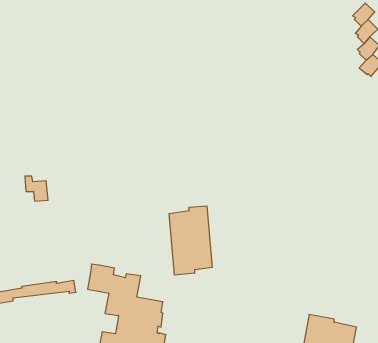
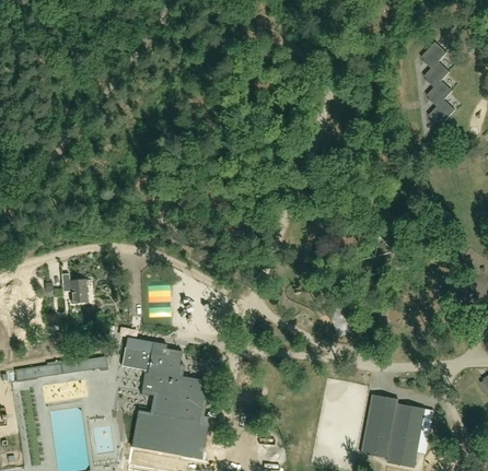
building: [25,176,48,201] -> [61,273,88,302]
building: [169,206,212,275] -> none

